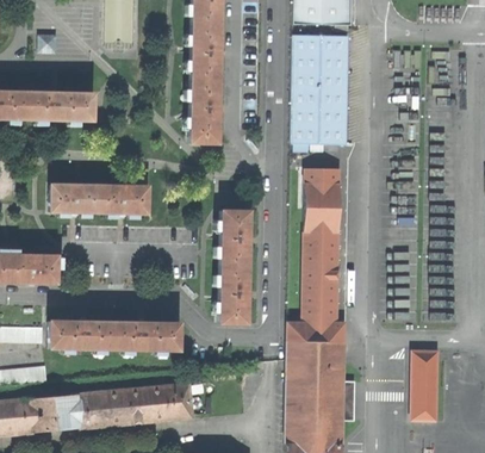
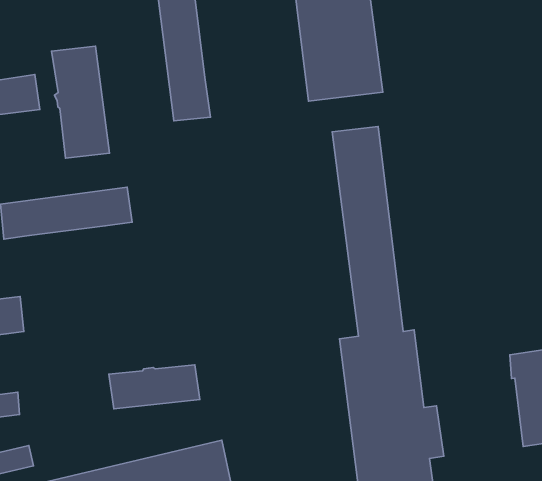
building: none -> [51,46,110,158]
building: [219,210,248,323] -> none
building: [50,321,114,348] -> none

